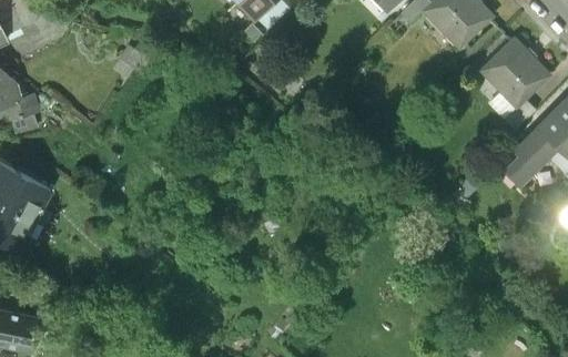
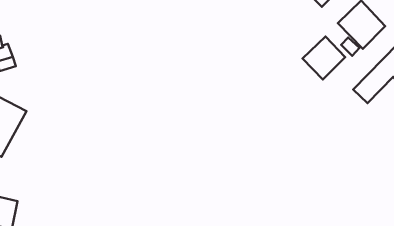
building: none -> [303,36,345,80]

